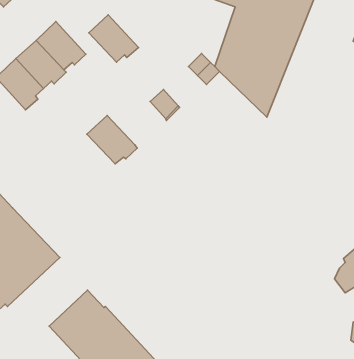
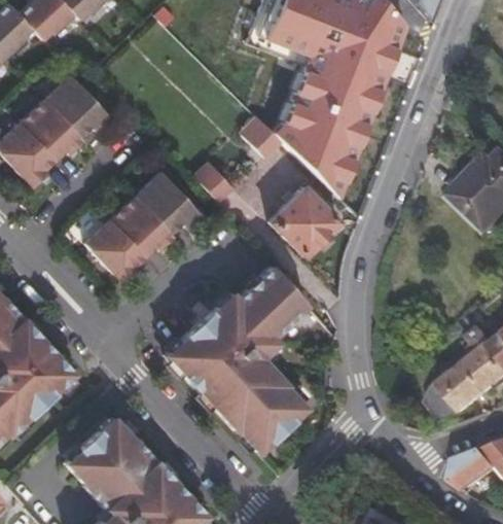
building: [89,15,138,62] -> [138,172,201,232]
building: none -> [265,183,336,252]
building: none -> [86,218,148,283]
building: none -> [166,265,307,451]

